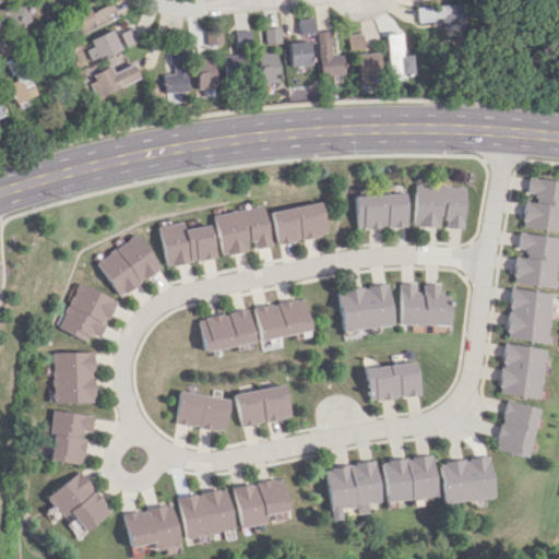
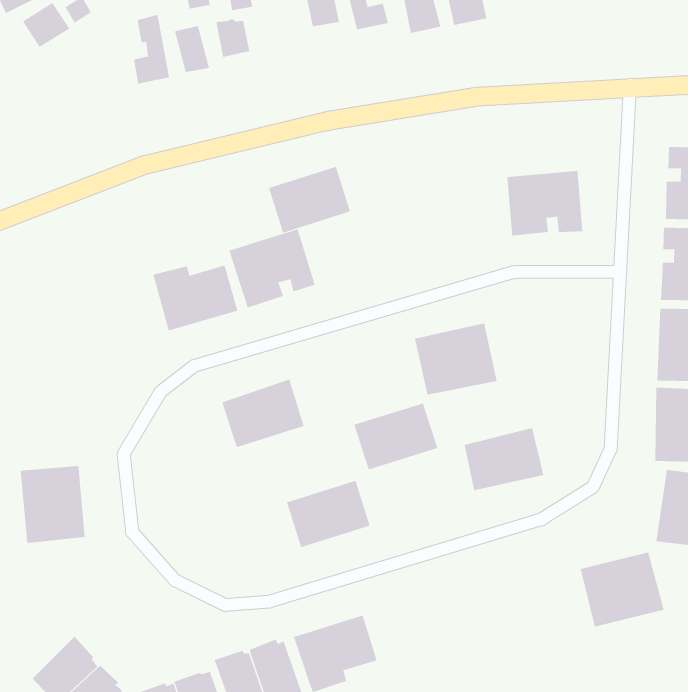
building: [261,52,282,83] -> none
building: [92,63,143,98] -> none
building: [358,193,409,229] -> none
building: [275,202,331,245] -> [268,166,351,233]
building: [102,234,167,297] -> none
building: [62,283,121,342] -> none
building: [401,284,452,326] -> none
building: [257,298,313,341] -> [354,403,438,470]
building: [180,391,235,432] -> none
building: [50,411,97,465] -> none
building: [381,455,436,502] -> none
building: [325,463,380,521] -> none

